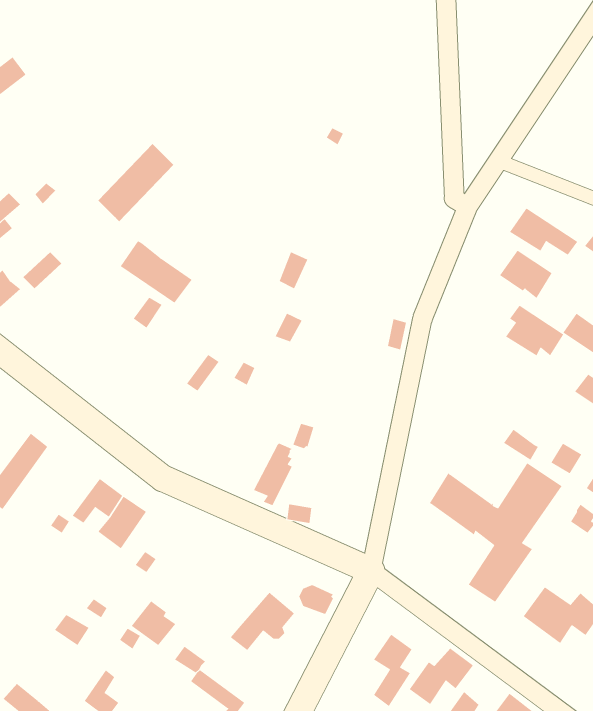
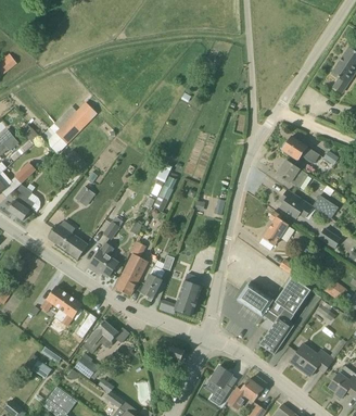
building: [120,241,193,304] -> [48,224,88,259]
building: none -> [7,185,36,220]
building: none -> [259,211,288,250]
building: none -> [89,243,119,277]
building: none -> [115,253,148,295]
building: none -> [175,274,203,316]
building: [230,592,295,651] -> [82,320,118,353]

